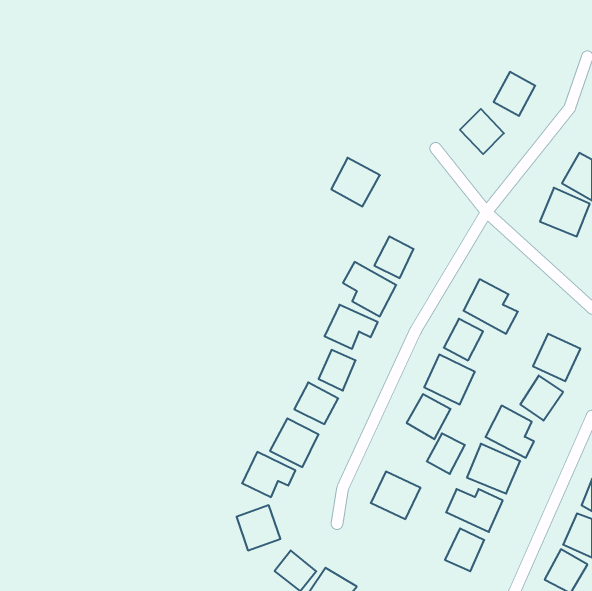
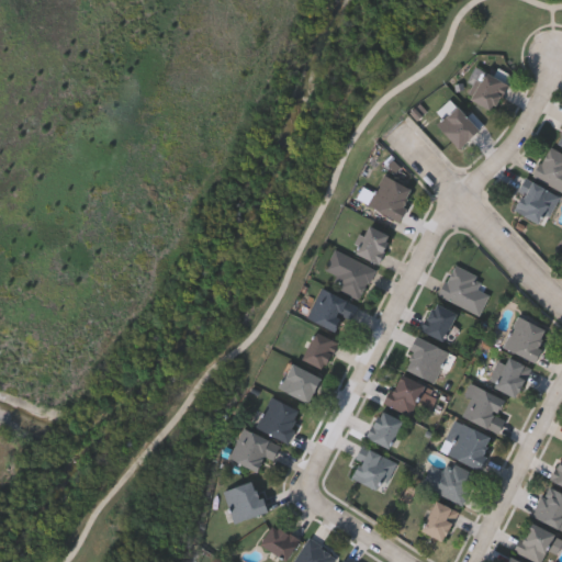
building: [331,158,380,206] -> [368,175,414,221]
building: [427,433,465,474] -> [367,411,403,449]

